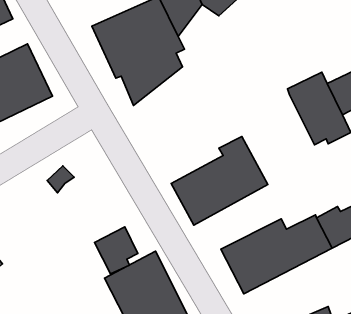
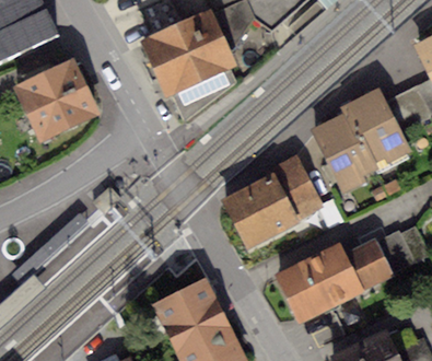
building: none -> [311,112,375,193]
building: [95,227,138,274] -> none

